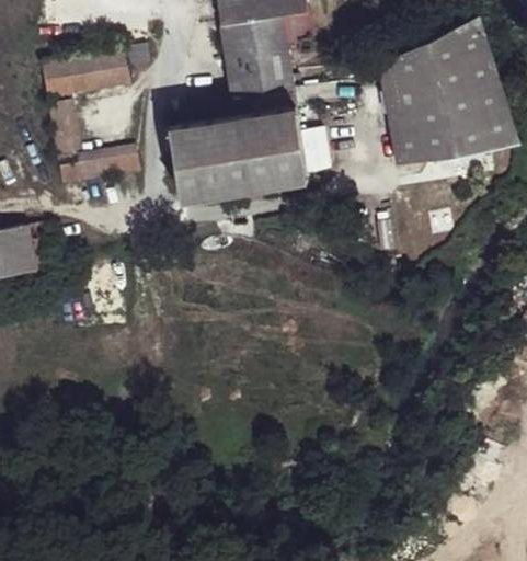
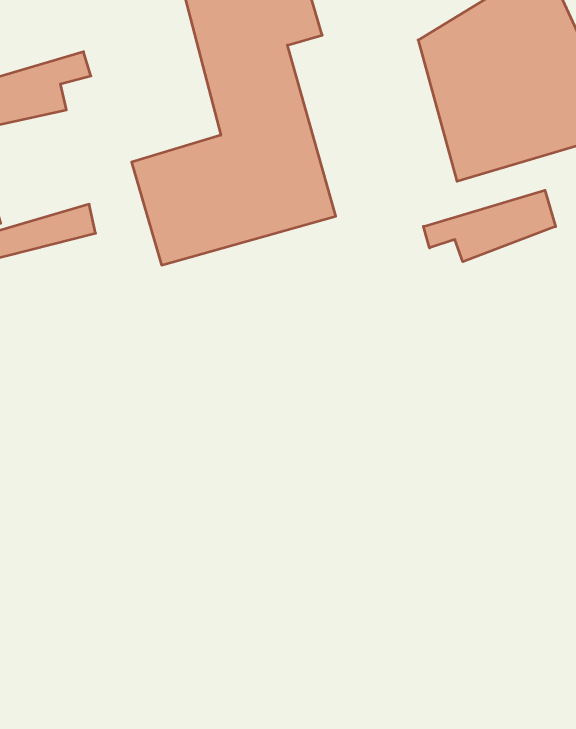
building: none -> [423,190,556,262]

